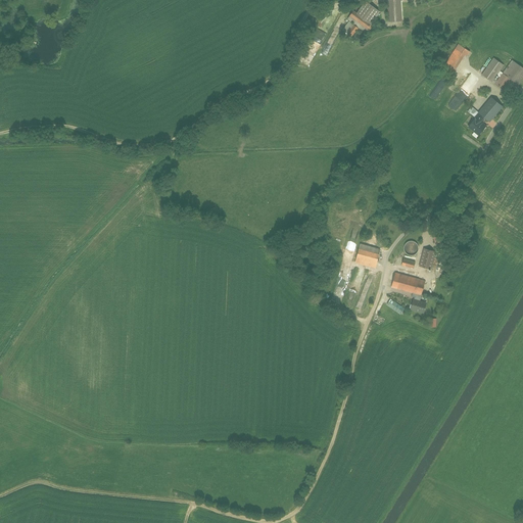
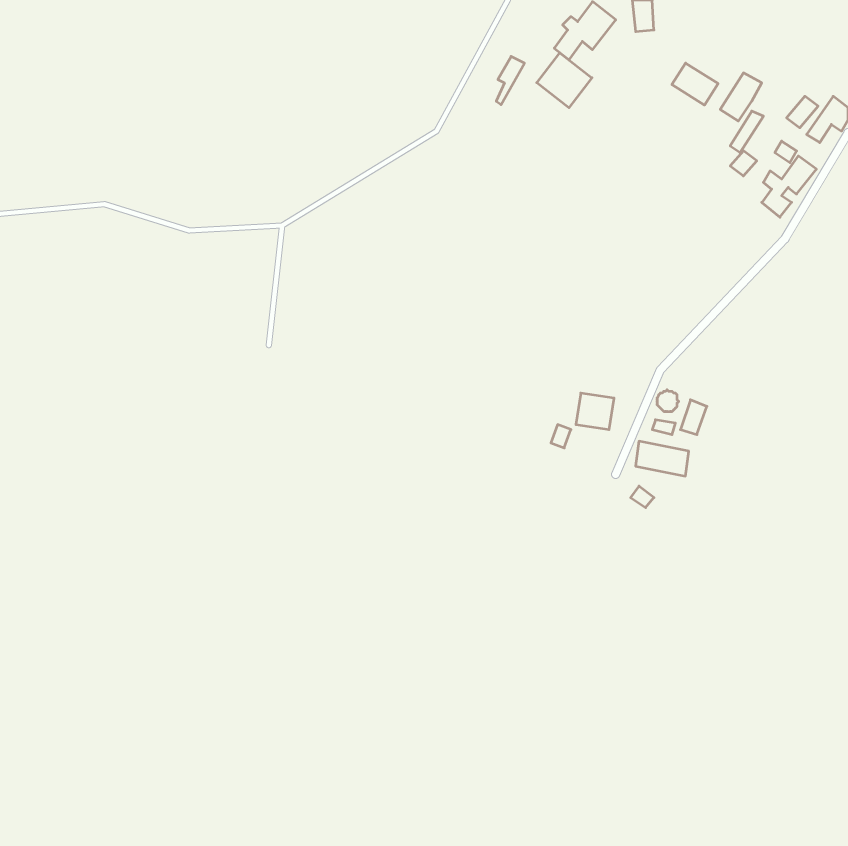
building: none -> [537,53,592,108]
building: none -> [672,63,718,105]

